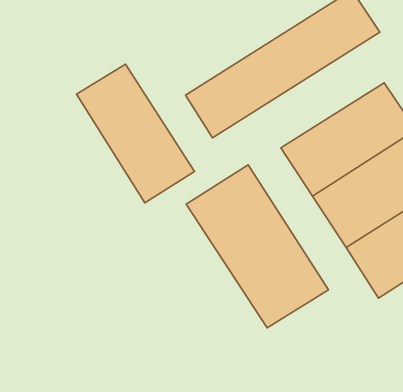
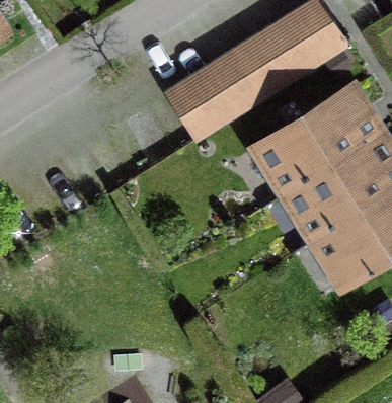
building: [76,64,194,203] -> none
building: [186,165,329,328] -> none

